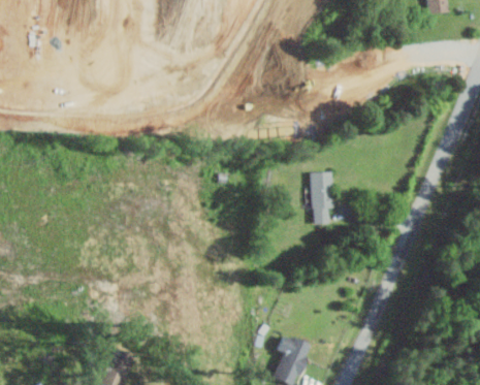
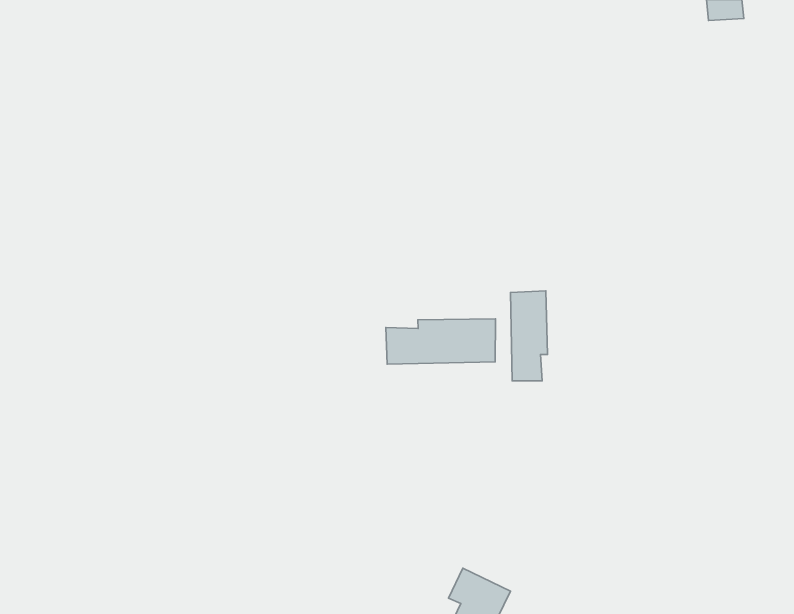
building: none -> [386,319,496,364]

